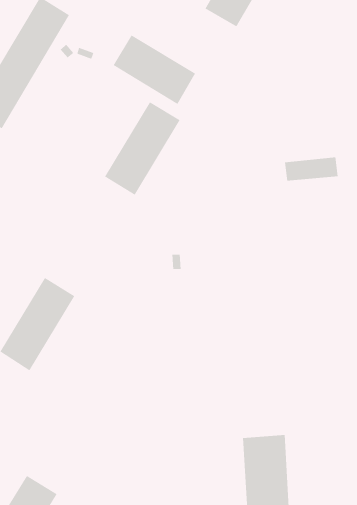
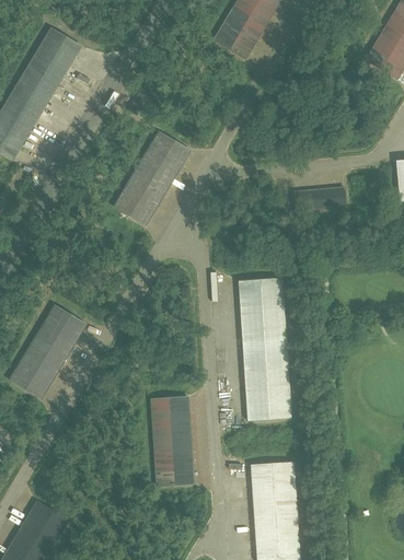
building: [113,34,196,105] -> none
building: none -> [239,277,290,420]
building: none -> [151,396,193,485]

